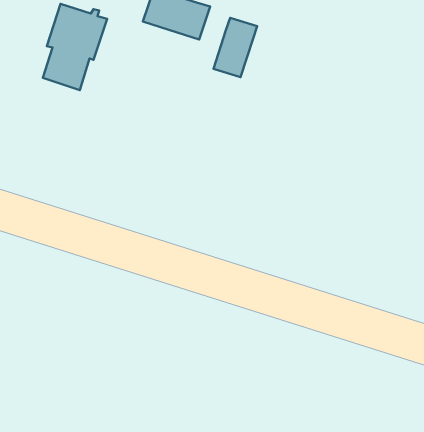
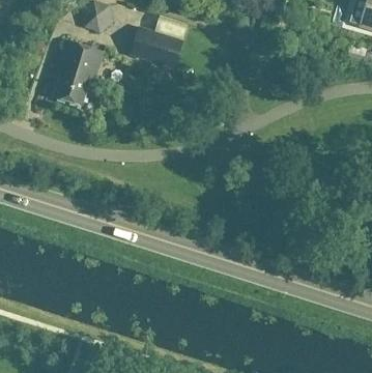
building: [214,18,257,77] -> none

